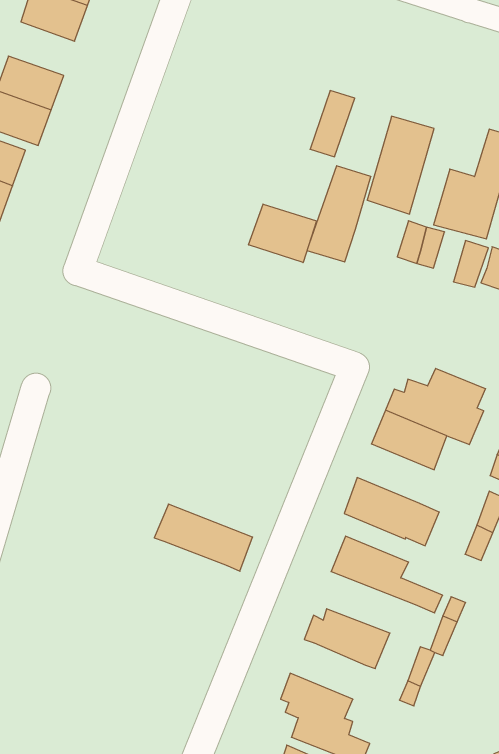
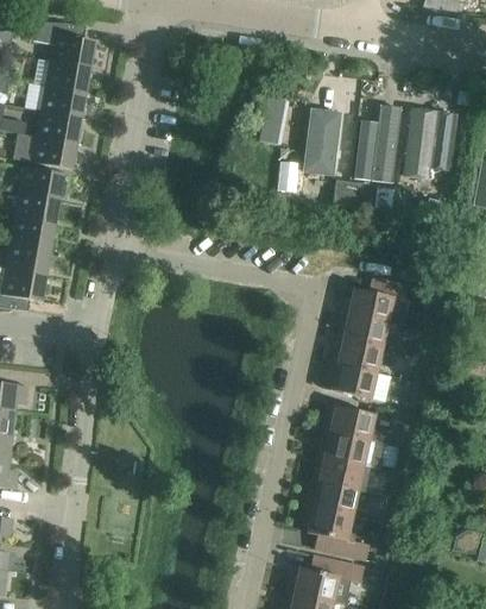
building: none -> [42,87,86,119]
building: [249,204,316,263] -> none
building: none -> [330,338,383,373]
building: [154,504,253,571] -> [317,431,385,469]
building: none -> [307,482,358,516]

